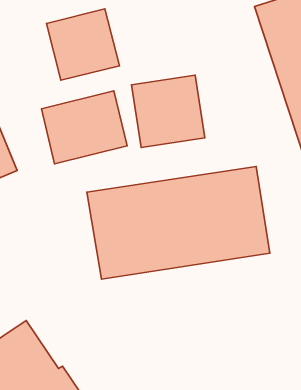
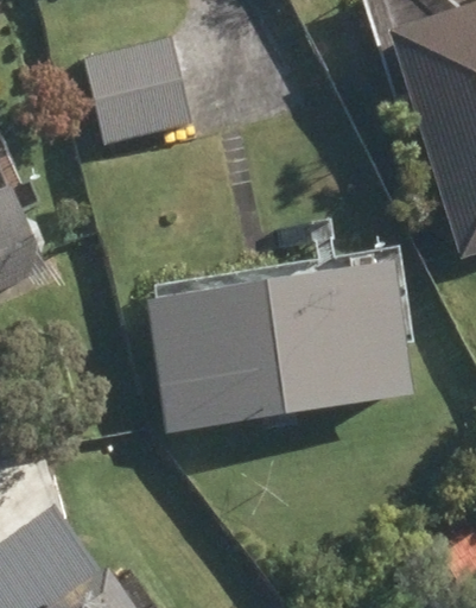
building: [132,75,205,147] -> none
building: [41,91,127,164] -> none

